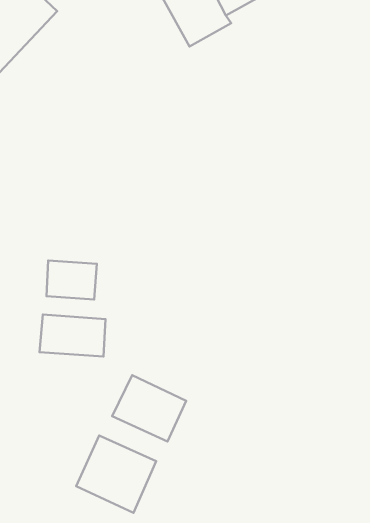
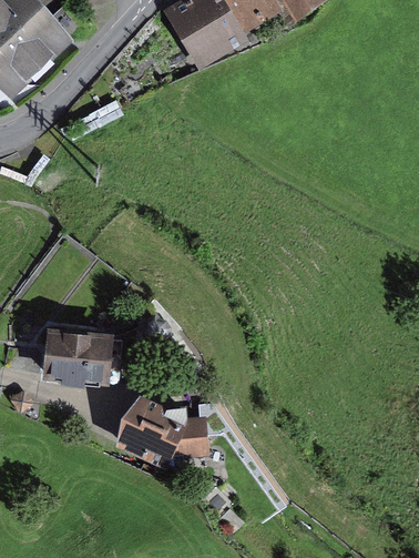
building: [46,261,97,300] -> none
building: [76,436,156,513] -> none

